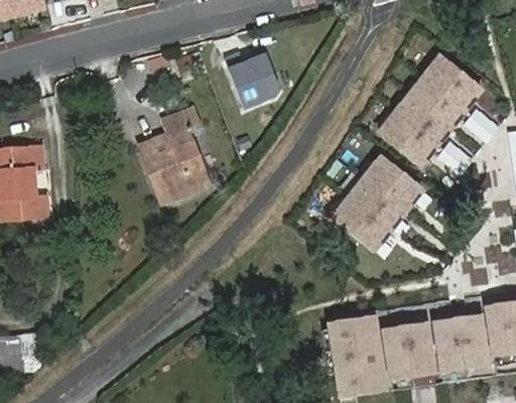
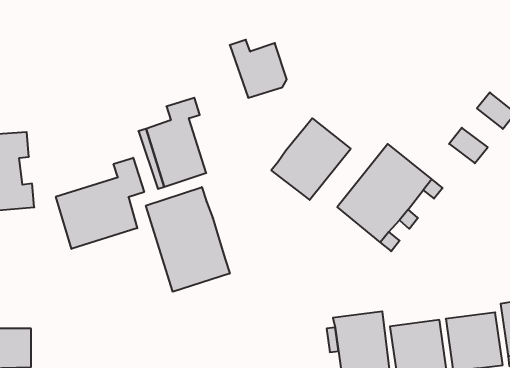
building: [378,56,481,165] -> none
building: none -> [271,118,351,200]
building: none -> [56,158,144,249]
building: none -> [146,187,230,292]

